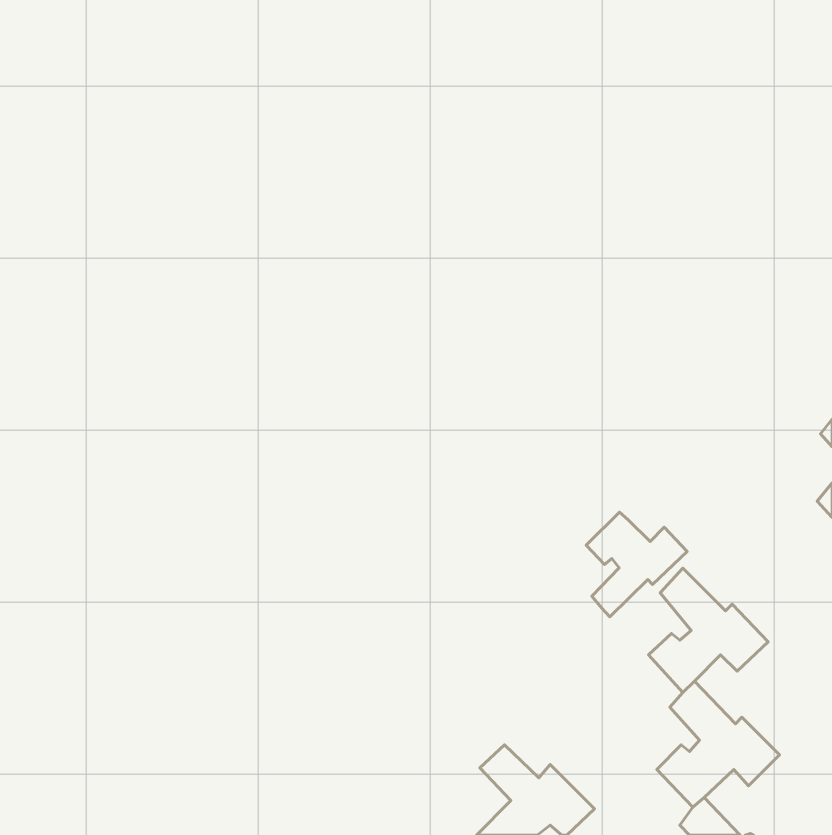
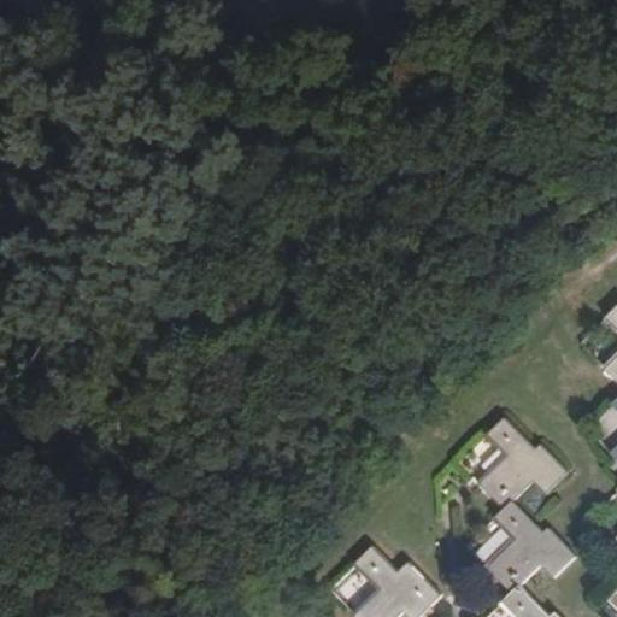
building: [586,512,687,617] -> none

